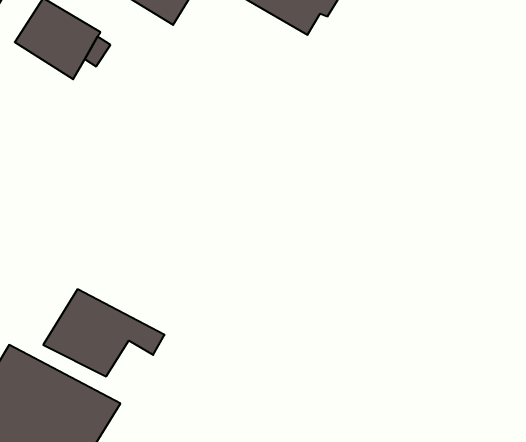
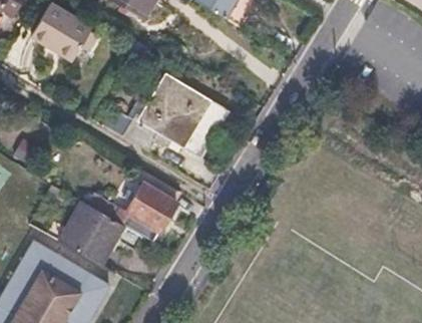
building: none -> [105,80,207,150]
building: none -> [122,174,178,242]

